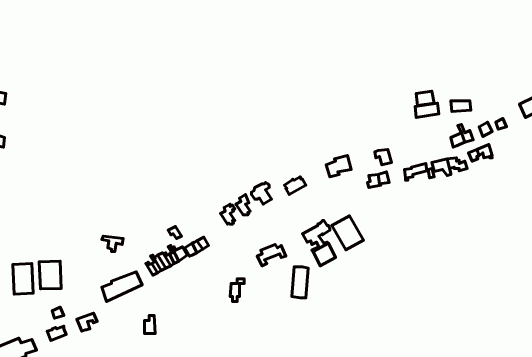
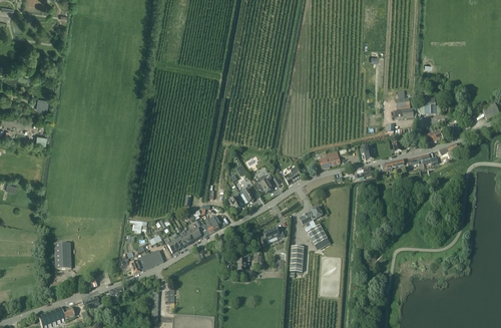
building: [332,216,363,250] -> none
building: [39,261,61,289] -> none

